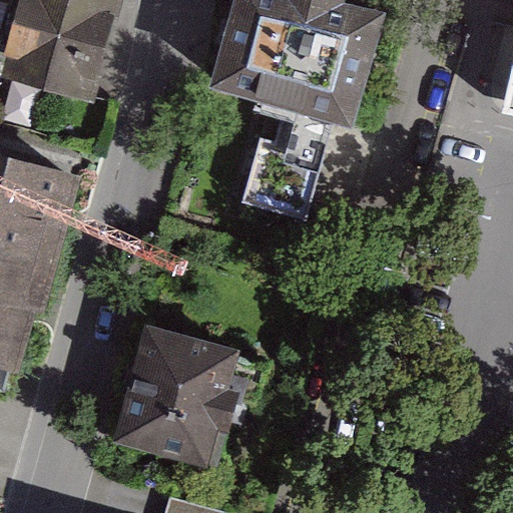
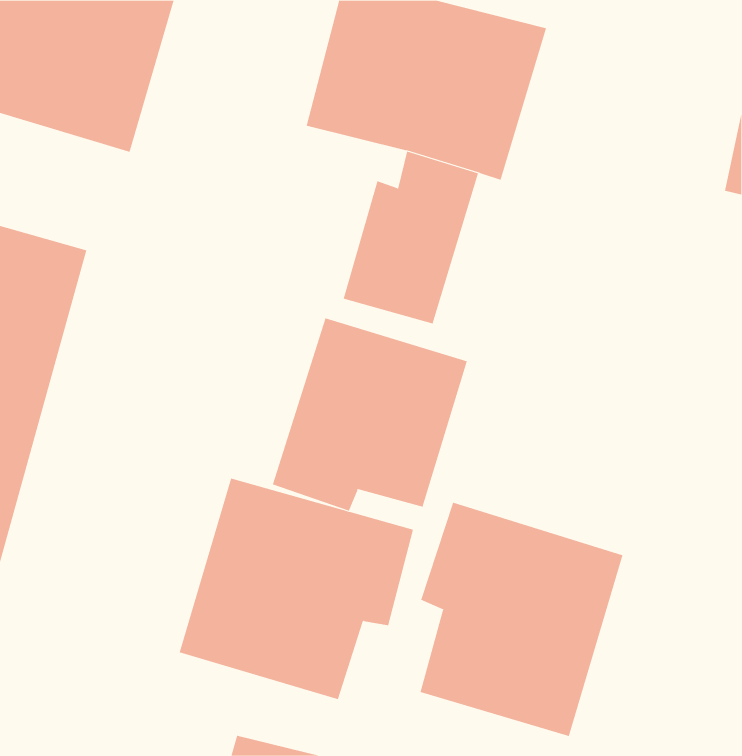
building: none -> [272,318,468,511]
building: none -> [420,502,623,737]

